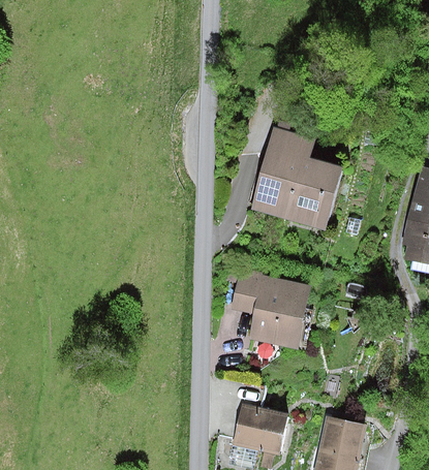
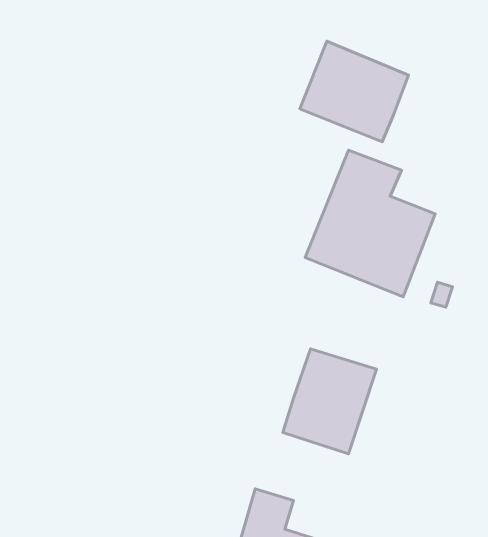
building: none -> [300,41,409,142]
building: [231,265,263,313] -> none

